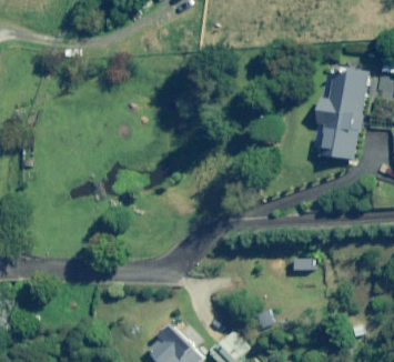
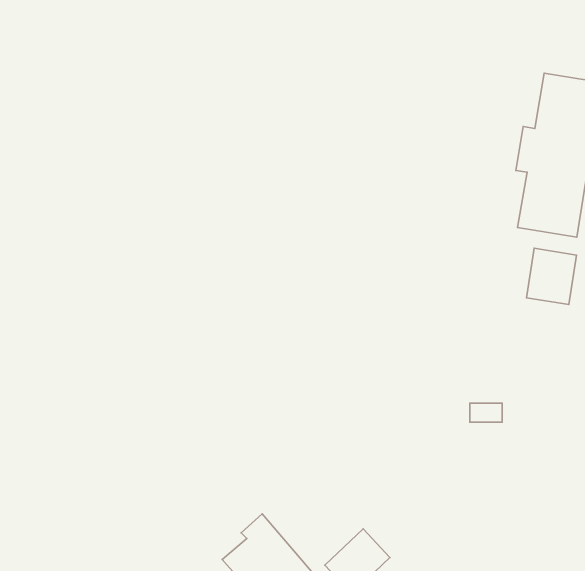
building: none -> [526,248,577,304]

